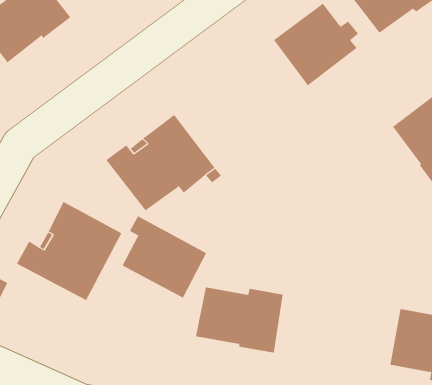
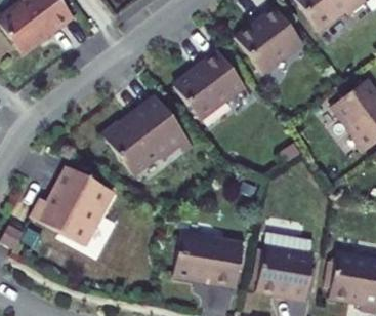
building: none -> [173,49,246,118]
building: [122,215,207,298] -> none
building: none -> [255,245,314,300]

